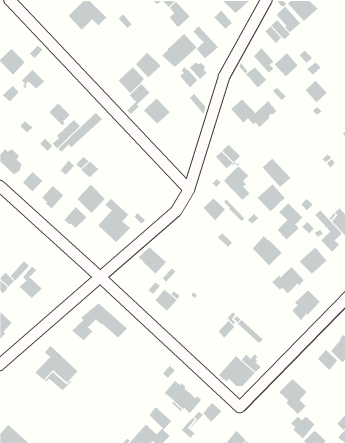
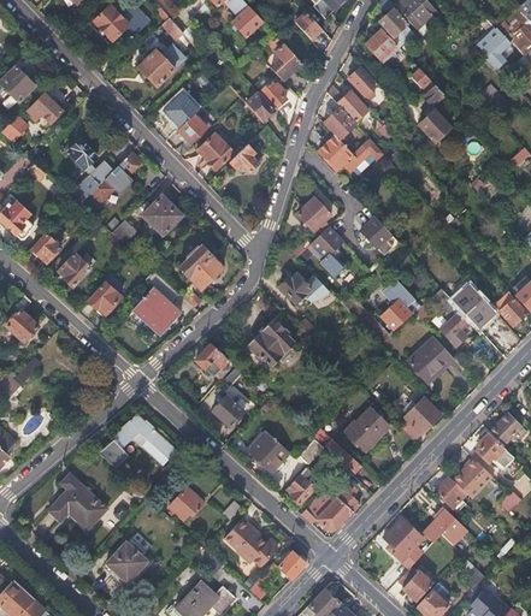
building: [161,33,198,68] -> none
building: [135,52,161,78] -> [138,51,175,87]
building: [274,52,299,78] -> [323,106,356,141]
building: none -> [230,141,262,172]
building: none -> [179,247,223,291]
building: [257,183,285,212] -> none
building: [77,184,106,214] -> [142,196,182,237]
building: none -> [248,319,295,366]
building: [252,235,283,266] -> none
building: [19,266,42,299] -> [6,296,39,342]
building: [271,266,305,294] -> [346,405,391,444]
building: none -> [249,432,289,472]
building: none -> [285,467,315,504]
building: none -> [169,487,203,520]
building: none -> [424,510,468,546]
building: none -> [107,541,149,584]

